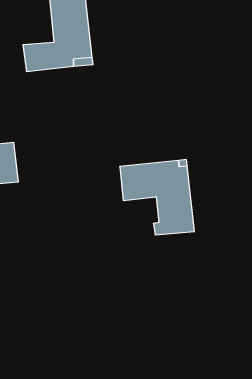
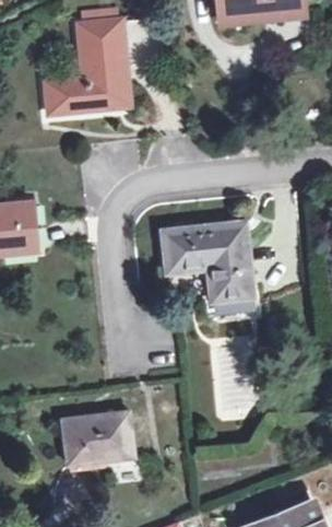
building: none -> [62,412,133,464]

